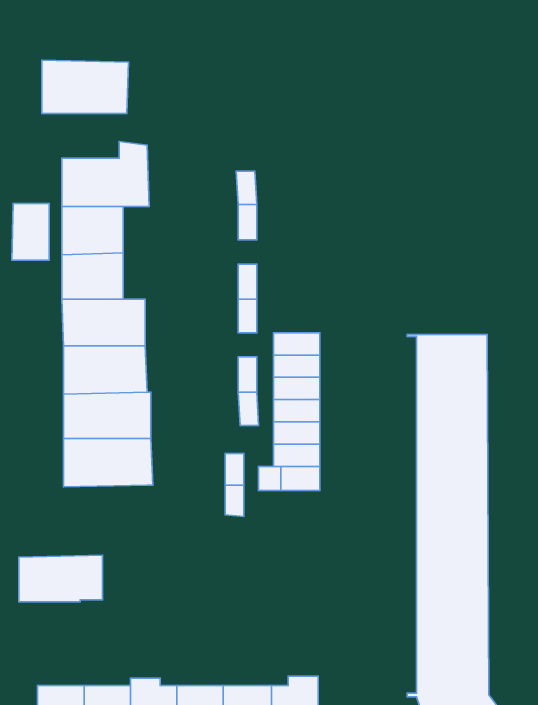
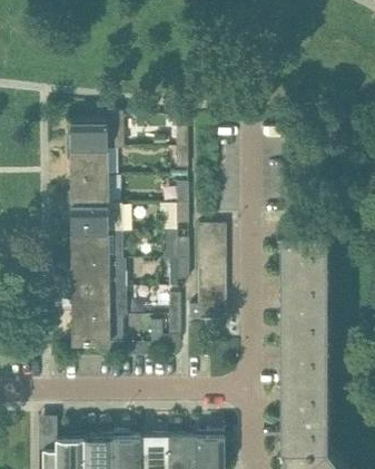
building: [42,60,129,114] -> none
building: [12,204,49,260] -> none
building: [19,555,102,602] -> [71,319,121,346]

